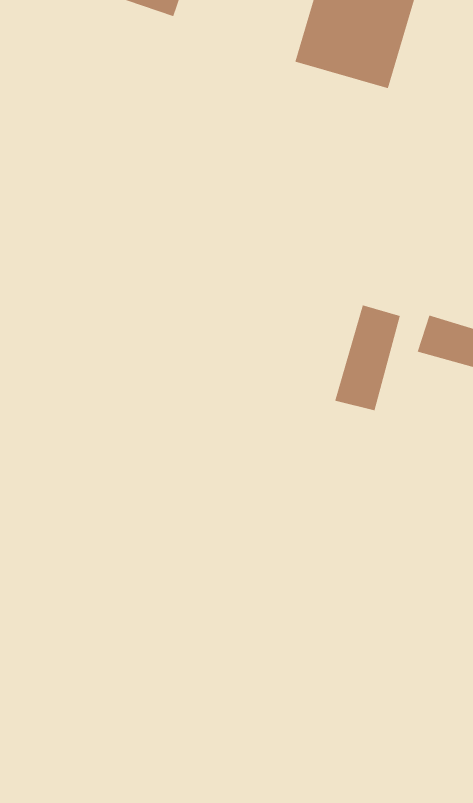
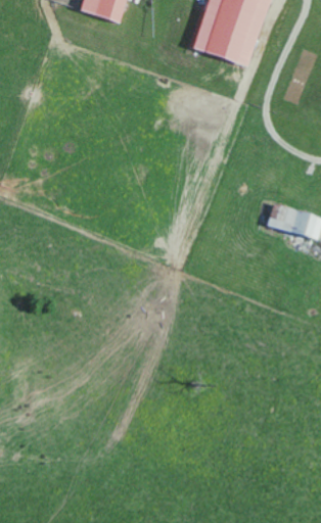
building: [334,305,400,411] -> none

